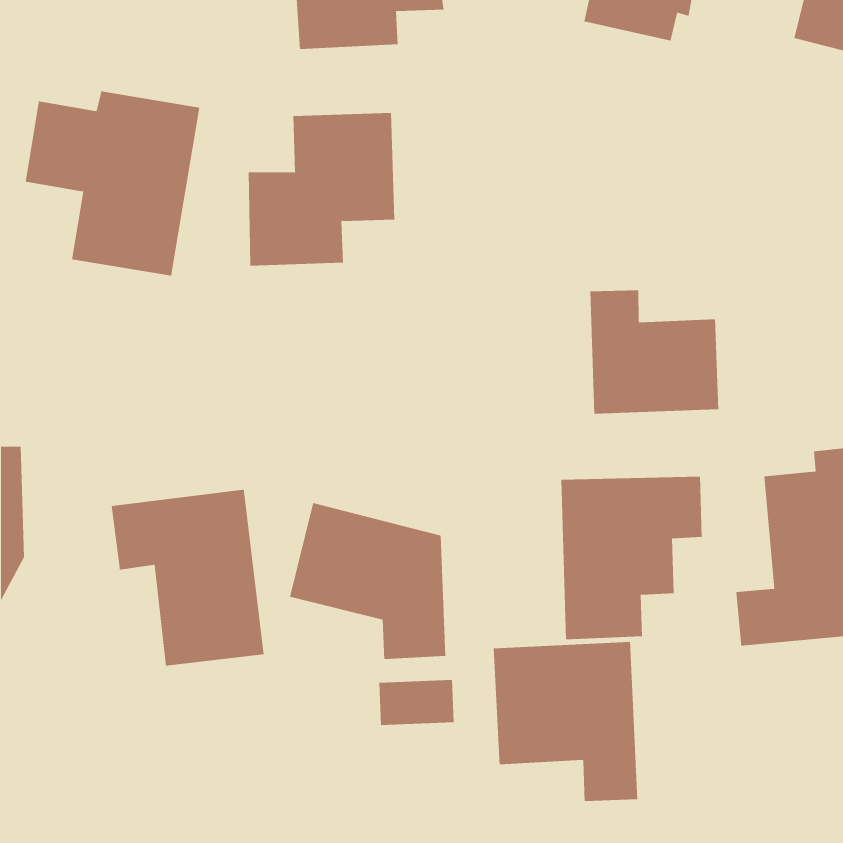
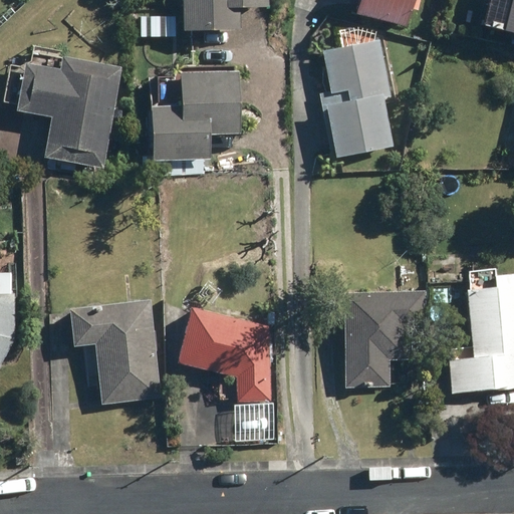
building: none -> [319,39,394,158]
building: [590,290,719,414] -> none
building: [493,641,638,802] -> none

